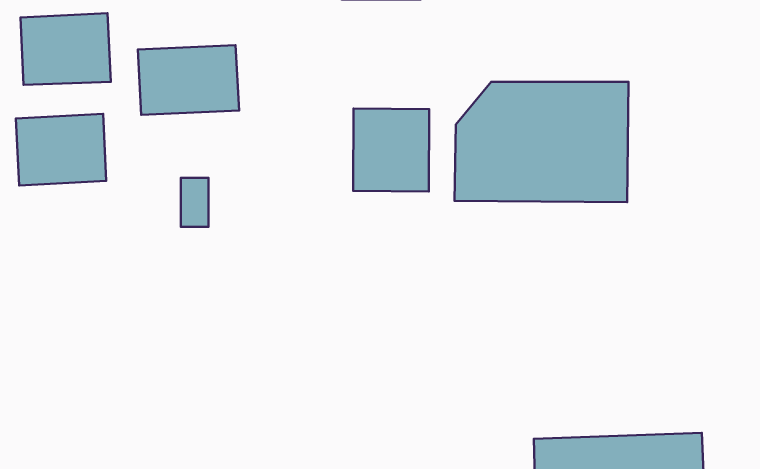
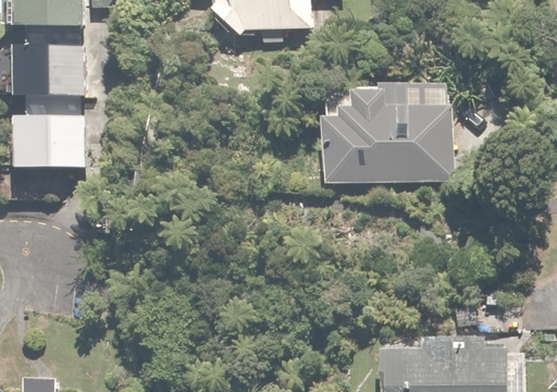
building: [138,45,239,115] -> none
building: [353,108,429,191] -> none

